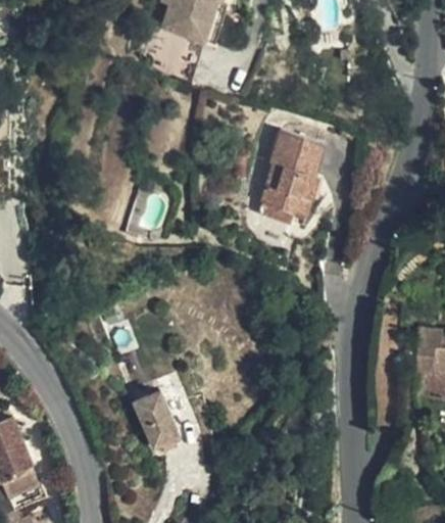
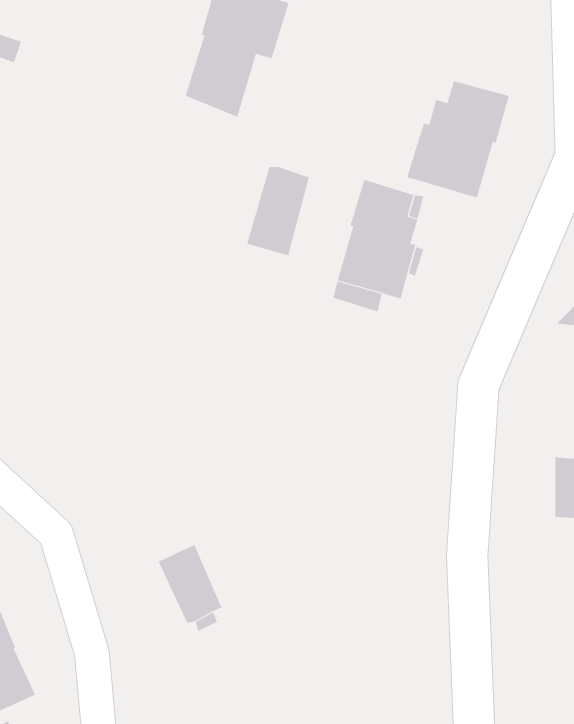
building: none -> [406,81,509,198]
building: none -> [246,166,310,256]

